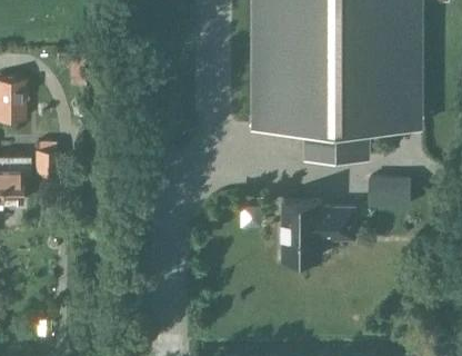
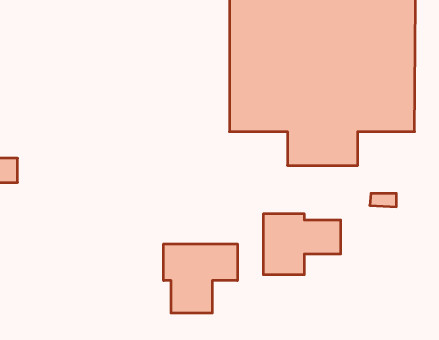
building: none -> [164,244,237,313]

